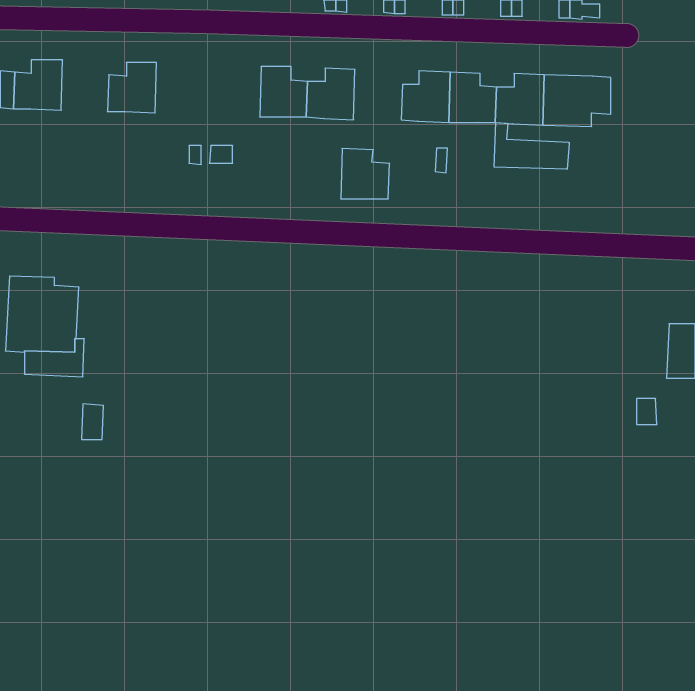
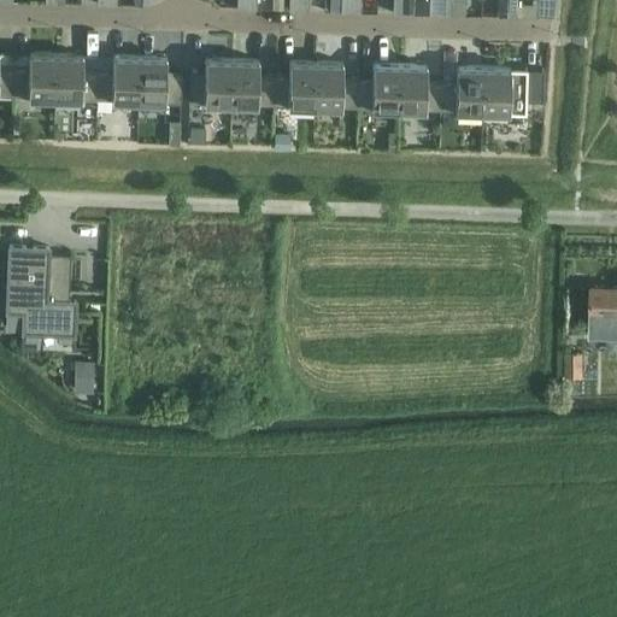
building: none -> [54,57,96,102]
building: none -> [137,59,181,105]
building: none -> [187,61,231,107]
building: [494,123,569,169] -> none
building: [341,148,390,199] -> [313,65,357,110]

